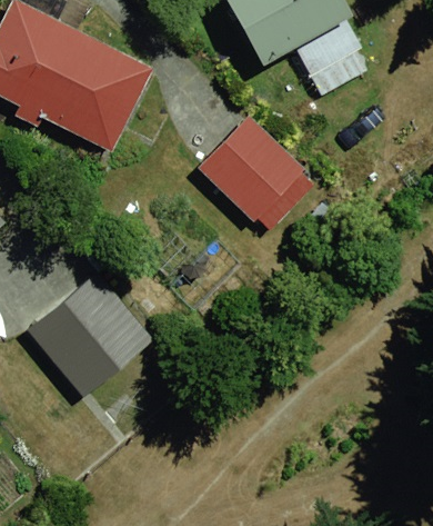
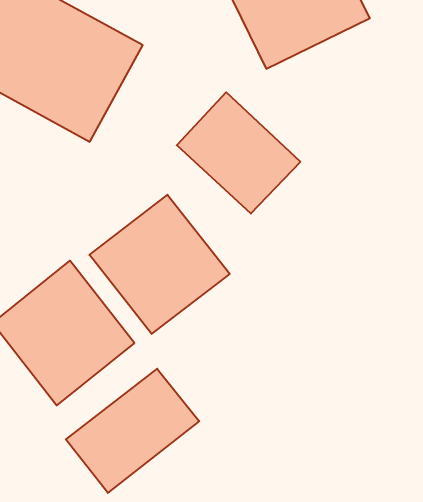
building: none -> [89,195,230,334]
building: none -> [66,369,199,493]

